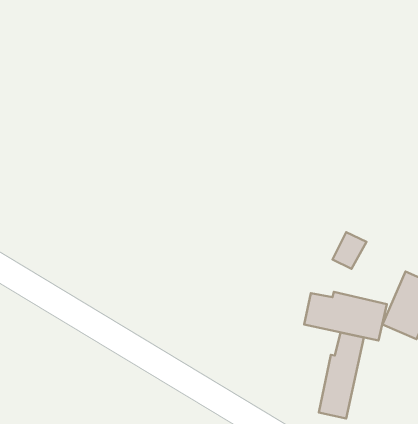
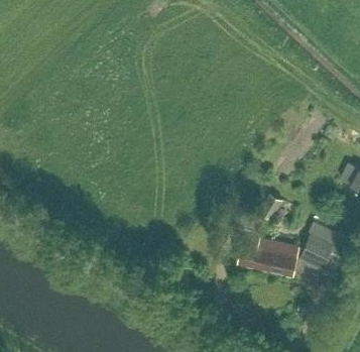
building: [319,332,364,418] -> none

